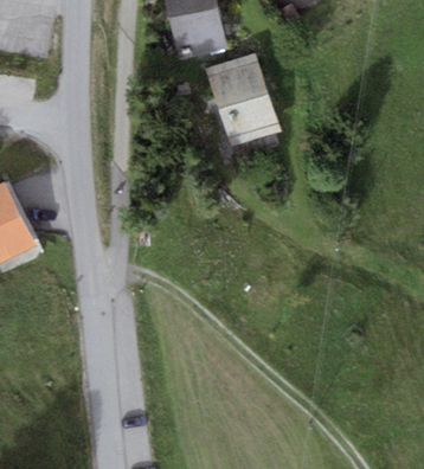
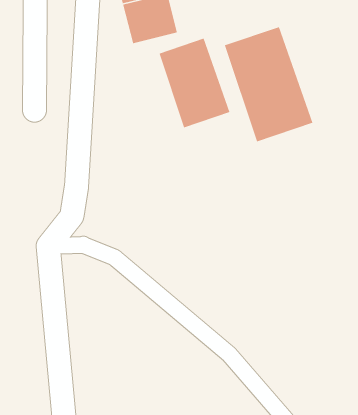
building: none -> [224,26,313,143]

